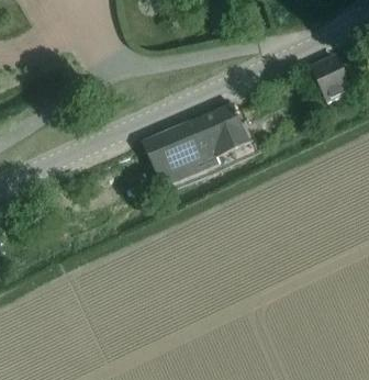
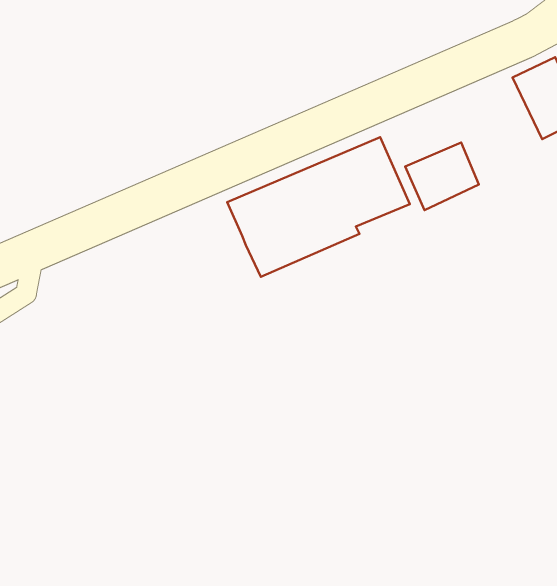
building: none -> [405,142,479,210]

